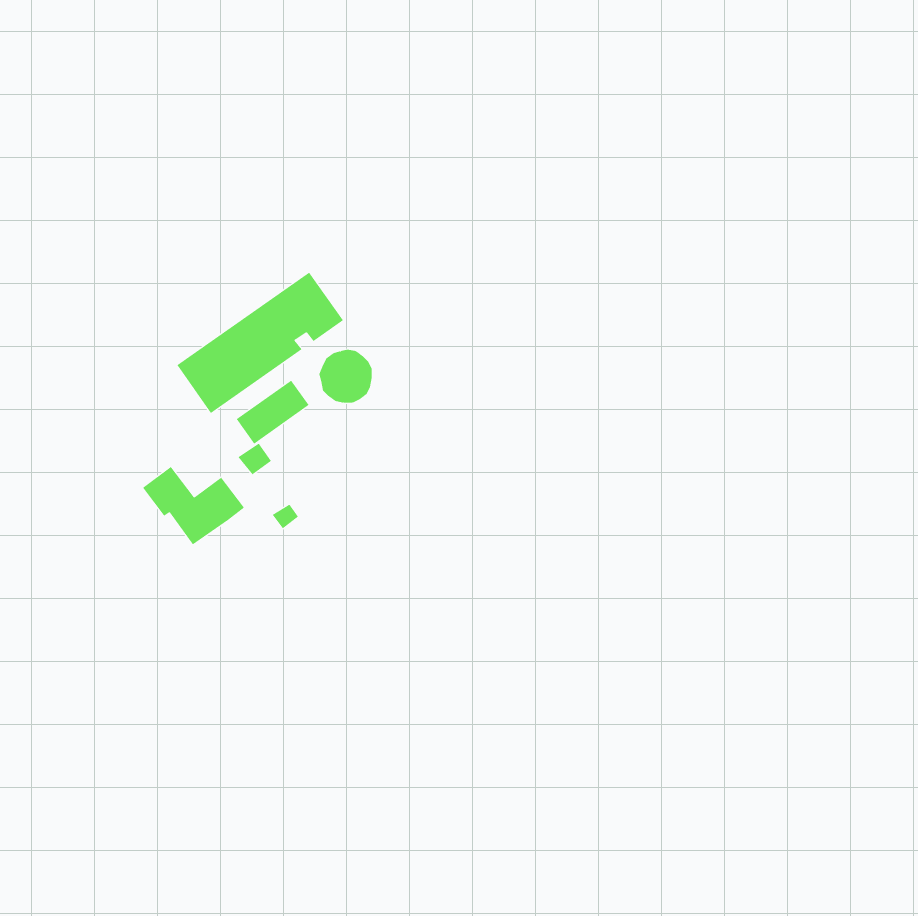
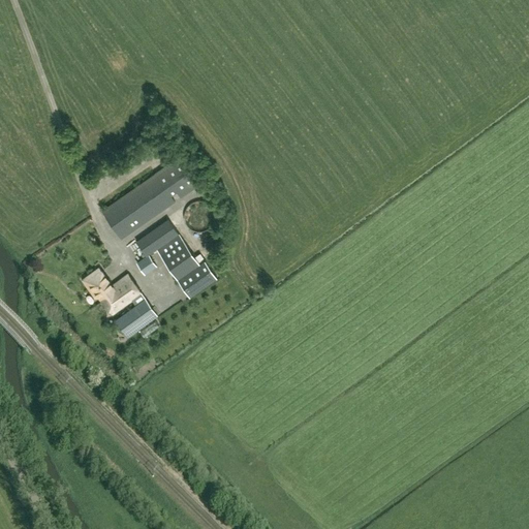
building: none -> [156,236,216,298]
building: none -> [115,293,157,338]

